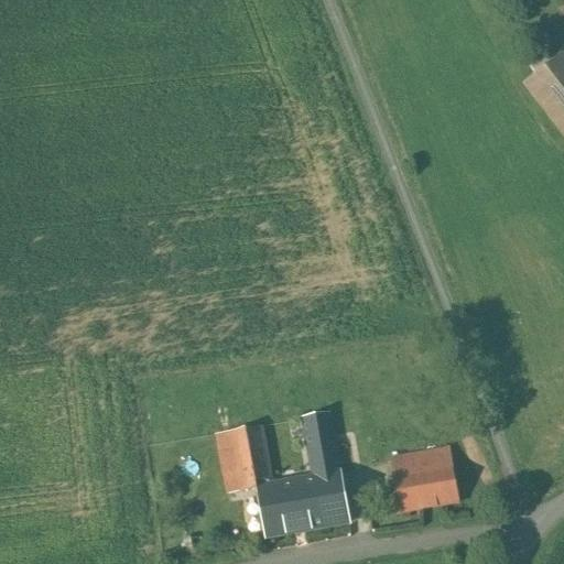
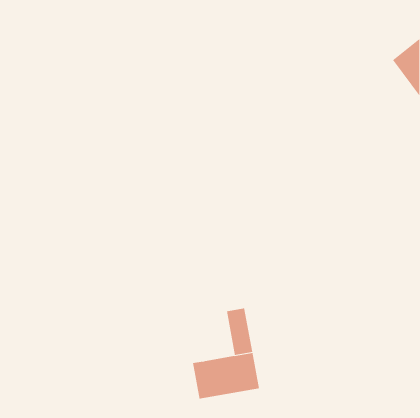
building: [224,423,272,490] -> none
building: [392,460,458,509] -> none

